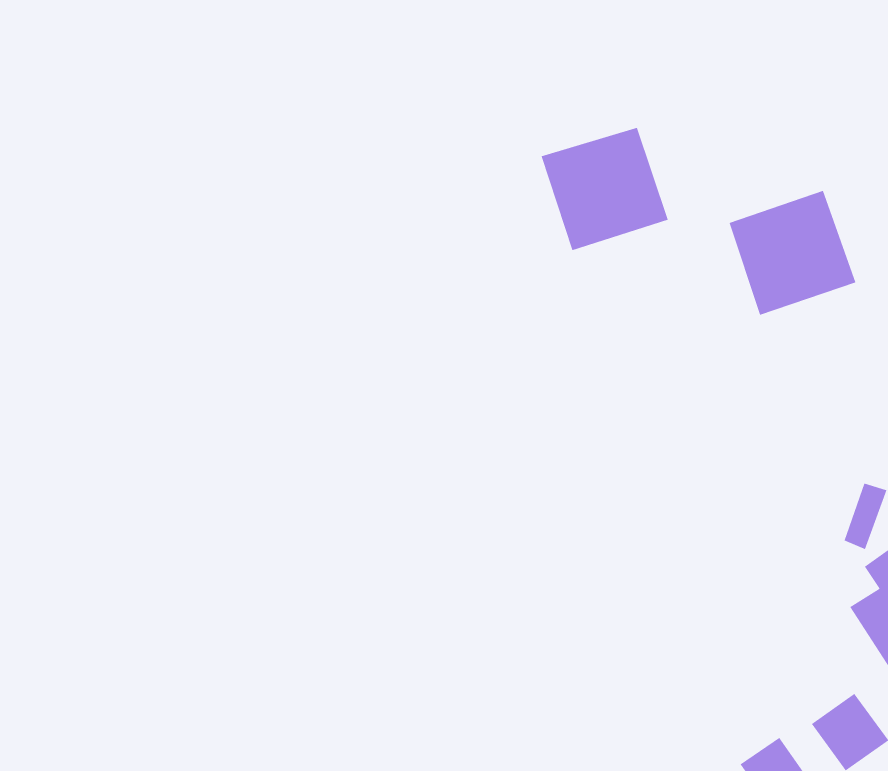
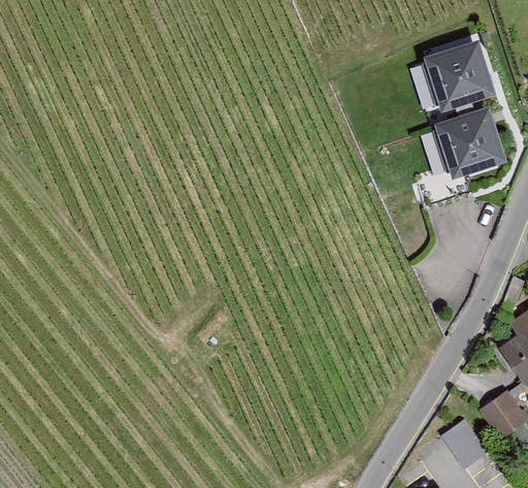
building: [541,127,669,251] -> [422,41,494,111]

